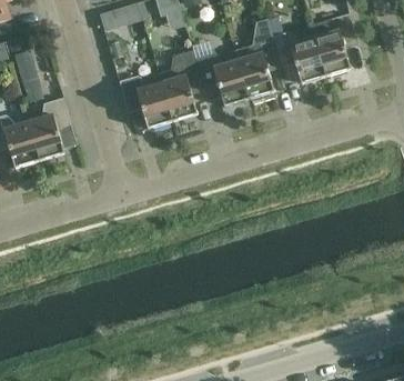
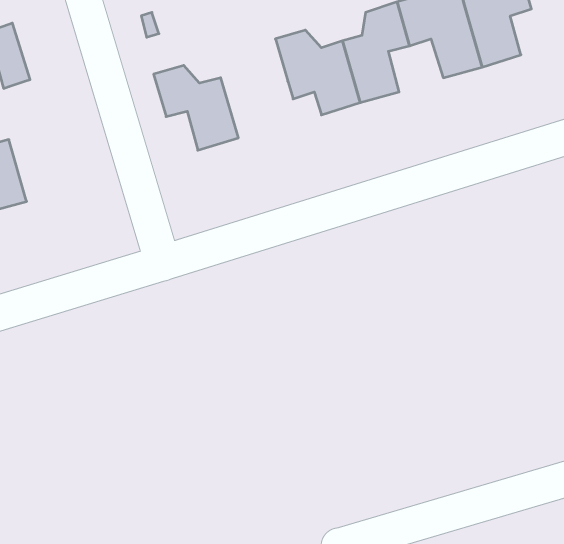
building: [158,49,203,120] -> none
building: [28,97,70,160] -> none

